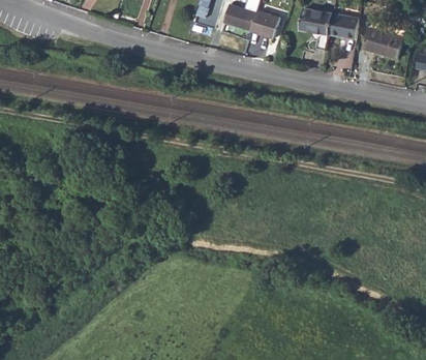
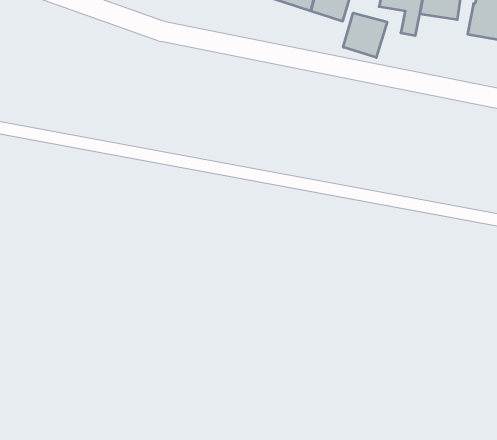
building: none -> [343,13,387,58]

